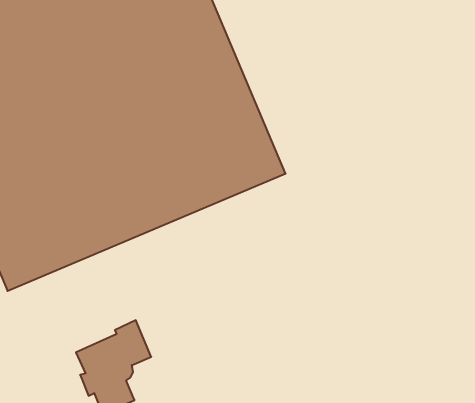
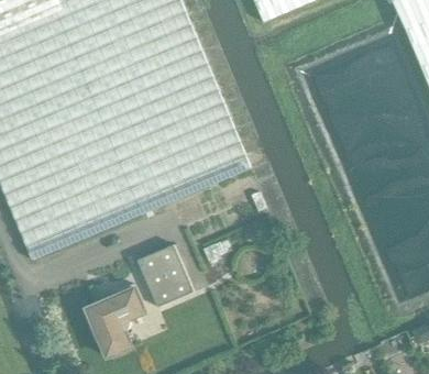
building: none -> [139,244,195,307]

